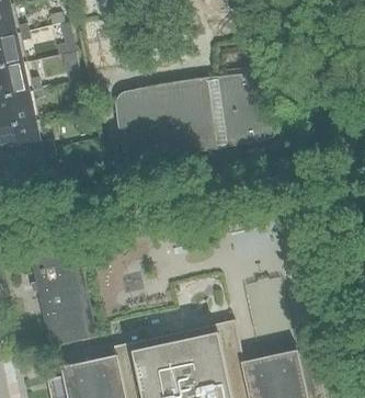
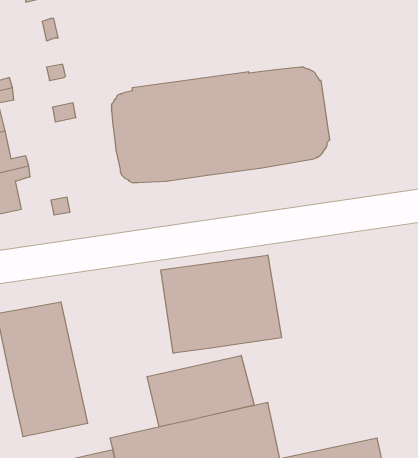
building: none -> [161,255,281,353]
building: none -> [147,355,254,427]

